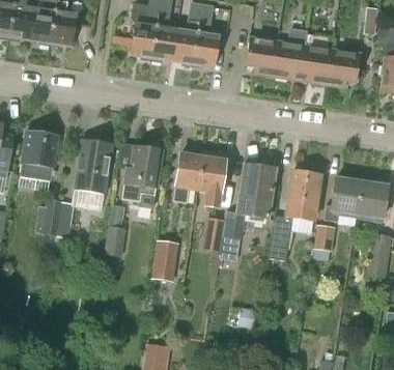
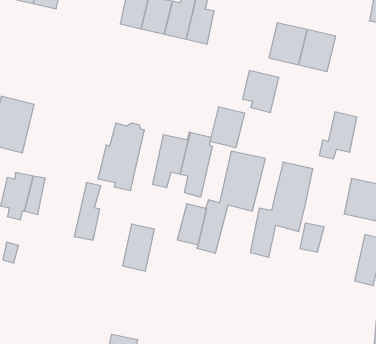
building: [245,37,277,75] -> [243,71,279,113]
building: [327,50,360,85] -> none
building: none -> [210,107,244,148]
building: [74,139,113,193] -> none
building: [325,177,357,221] -> [319,112,357,159]

